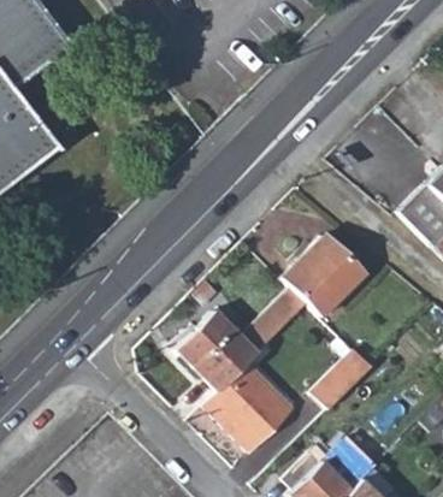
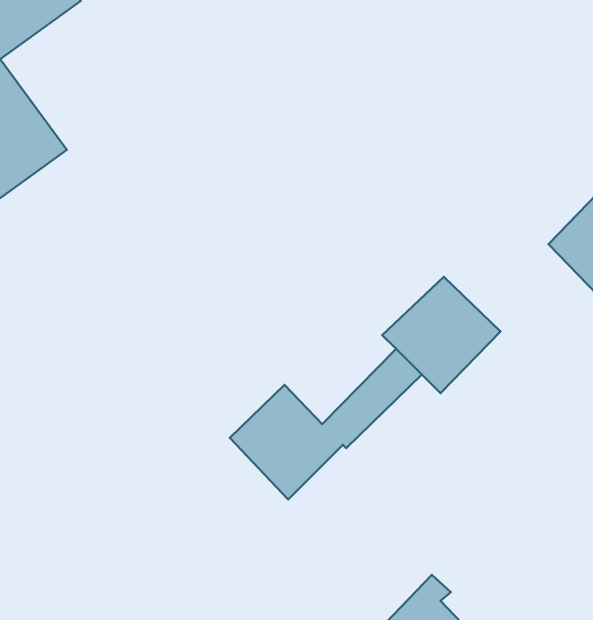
building: [312,349,371,408] -> none
building: [205,363,294,450] -> none

